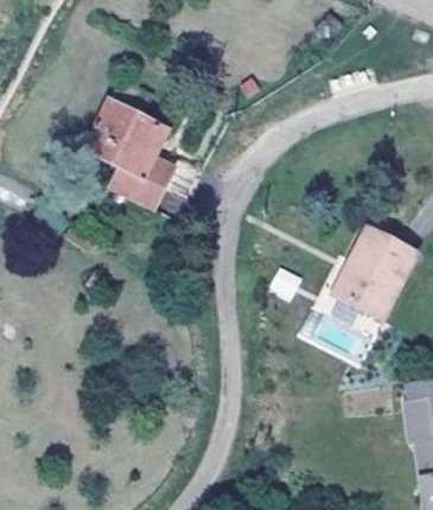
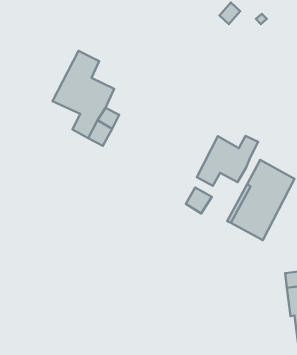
building: none -> [197,136,258,186]

